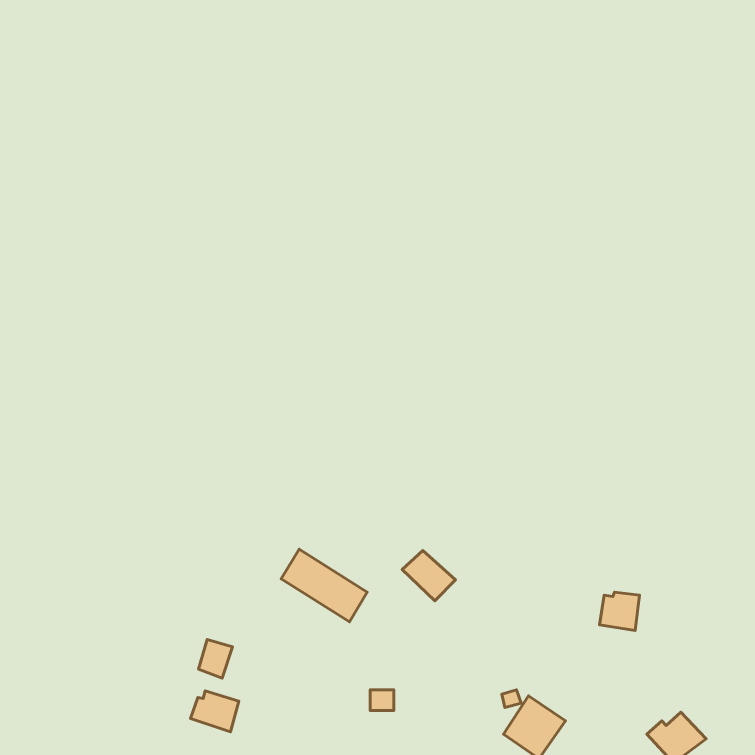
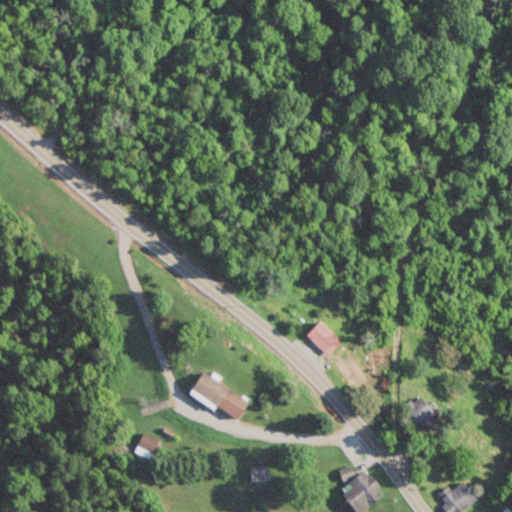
building: [402,550,455,601] -> [306,321,342,355]
building: [190,691,239,732] -> none

